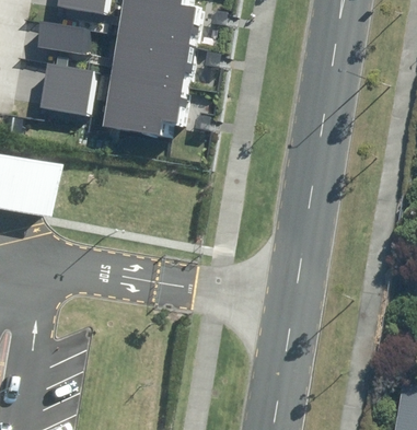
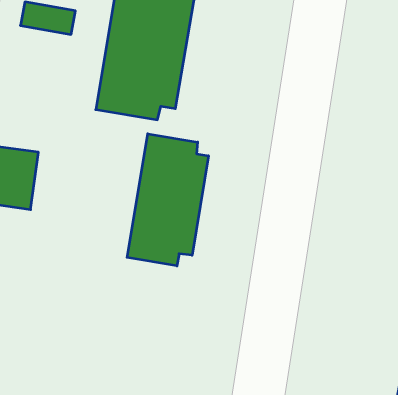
building: [36,59,92,113] -> none
building: none -> [127,134,208,266]

